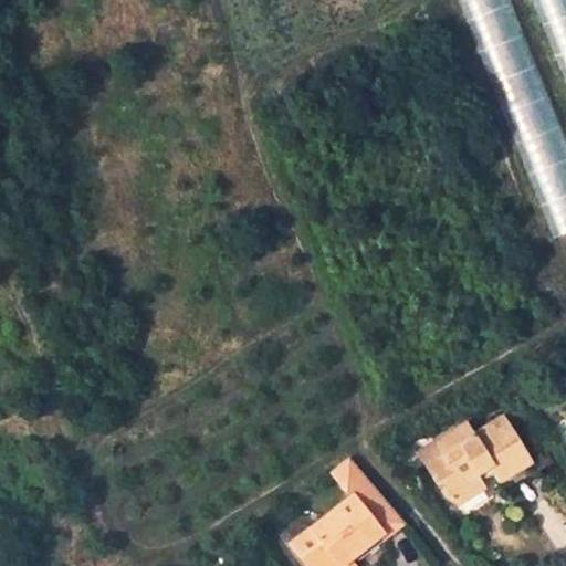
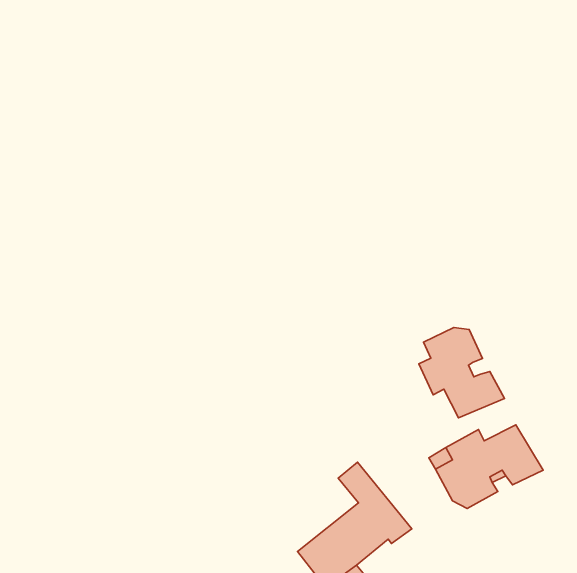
building: none -> [419,328,504,418]

